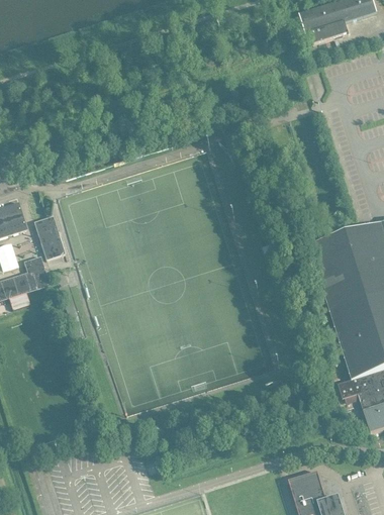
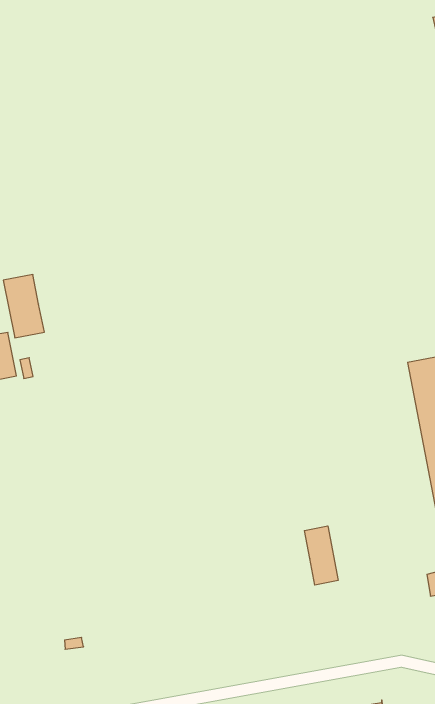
building: none -> [304,526,338,585]

